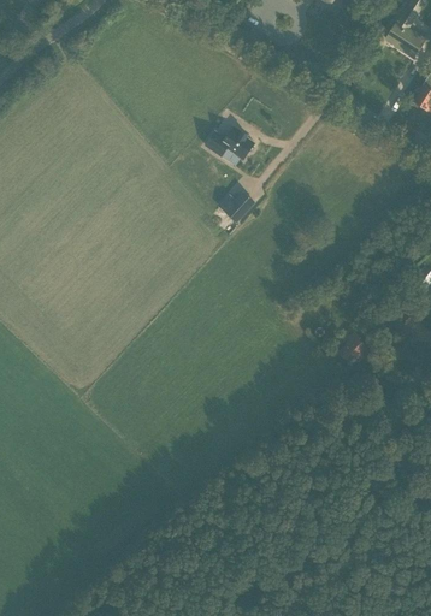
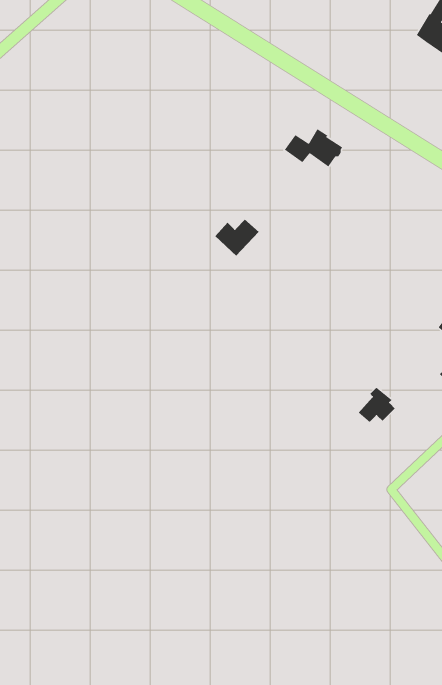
building: [207,126,256,159] -> [284,128,343,167]

